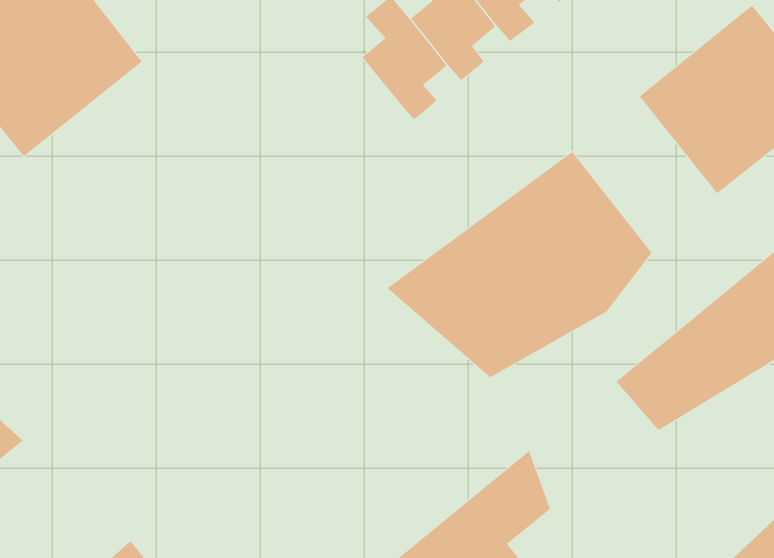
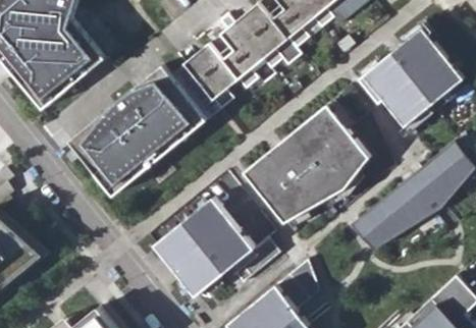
building: none -> [194,44,237,109]
building: none -> [68,63,206,195]
building: none -> [153,199,279,297]

